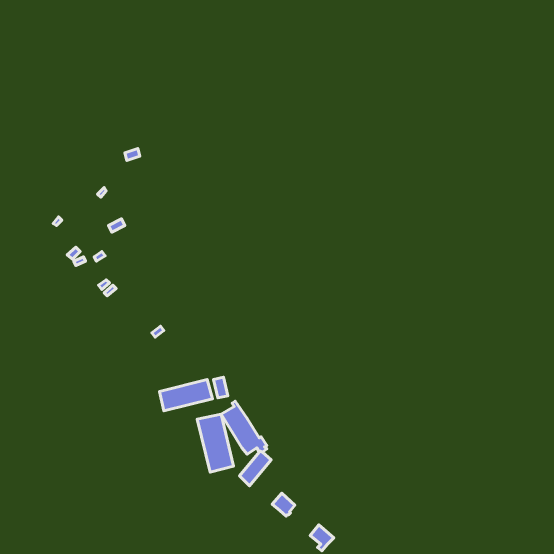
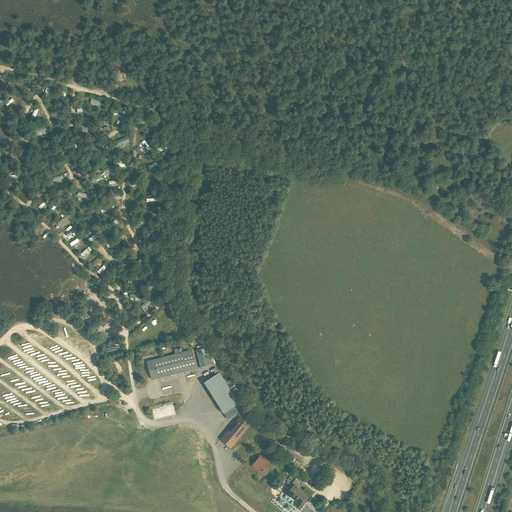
building: [197,414,234,472] -> none

